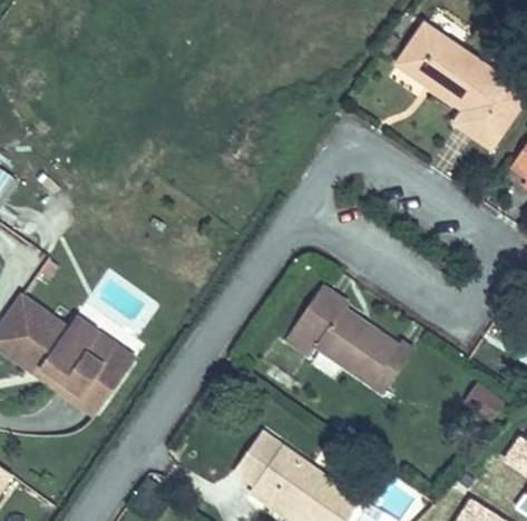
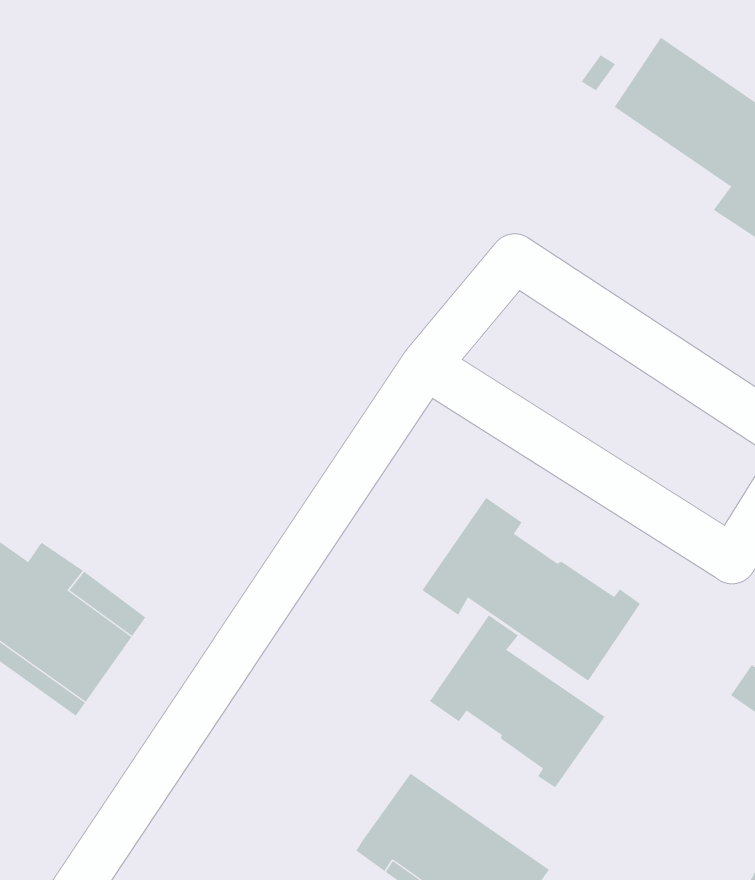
building: none -> [429,615,605,788]
building: [234,431,281,484] -> none

